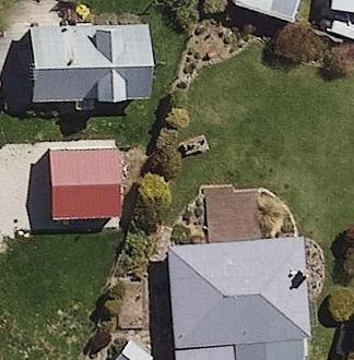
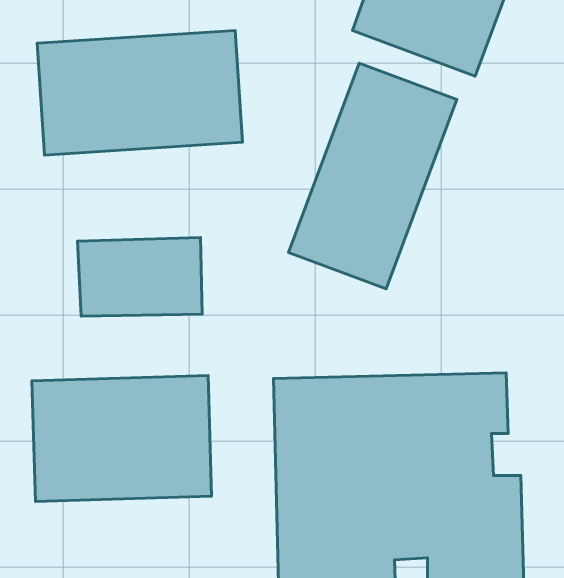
building: none -> [289,63,457,289]
building: none -> [32,375,212,501]

